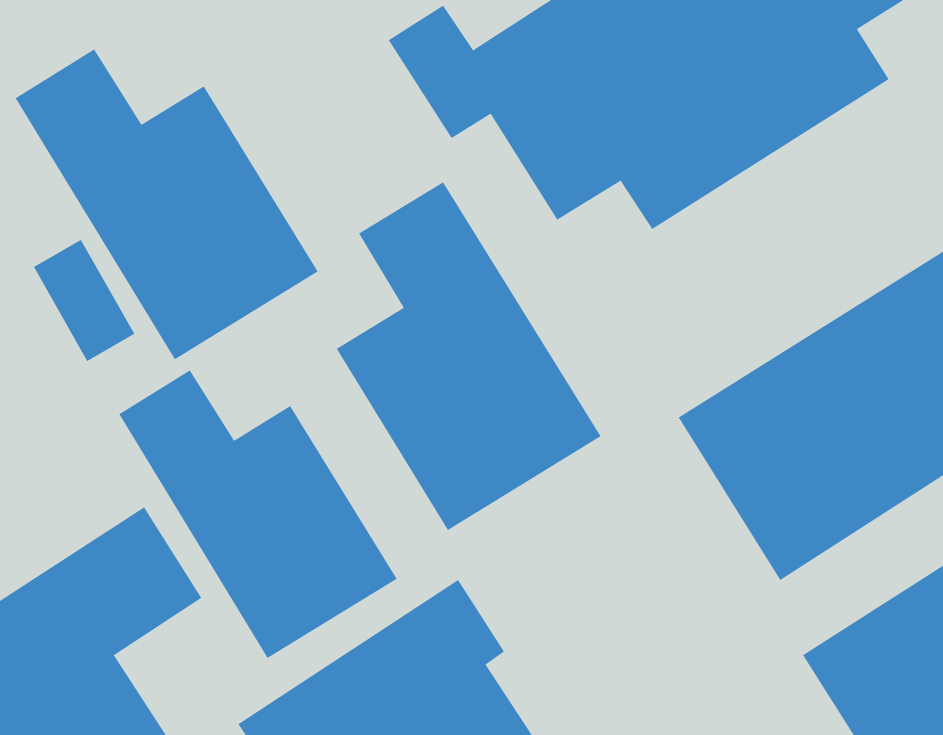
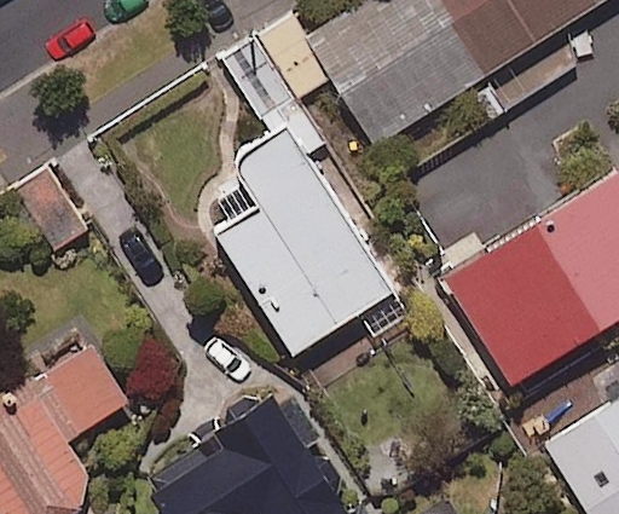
building: [15,49,319,360] -> none
building: [118,369,397,659] -> none

